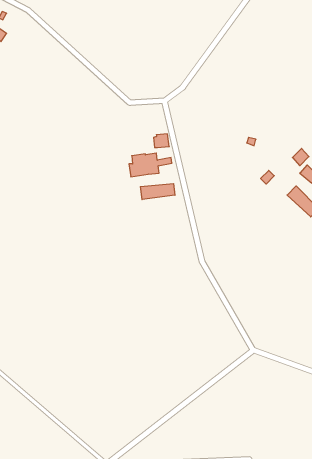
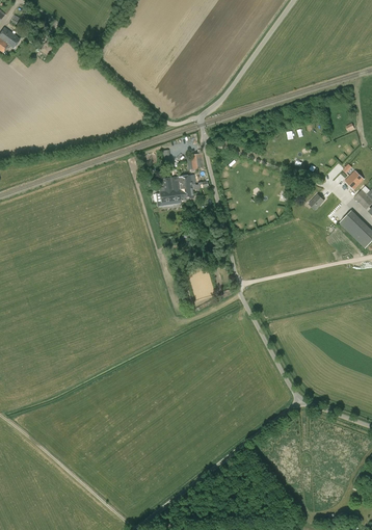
building: [140,184,175,200] -> none

